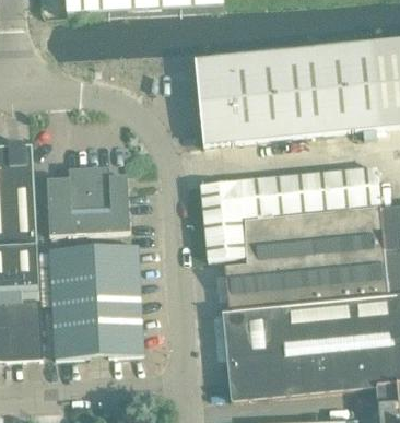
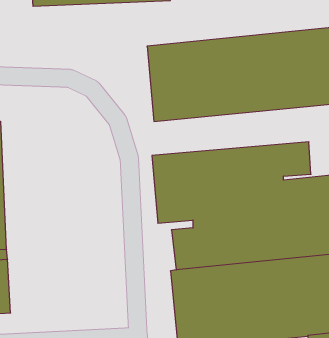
building: [47,165,130,236] -> none
building: [50,244,144,357] -> none

